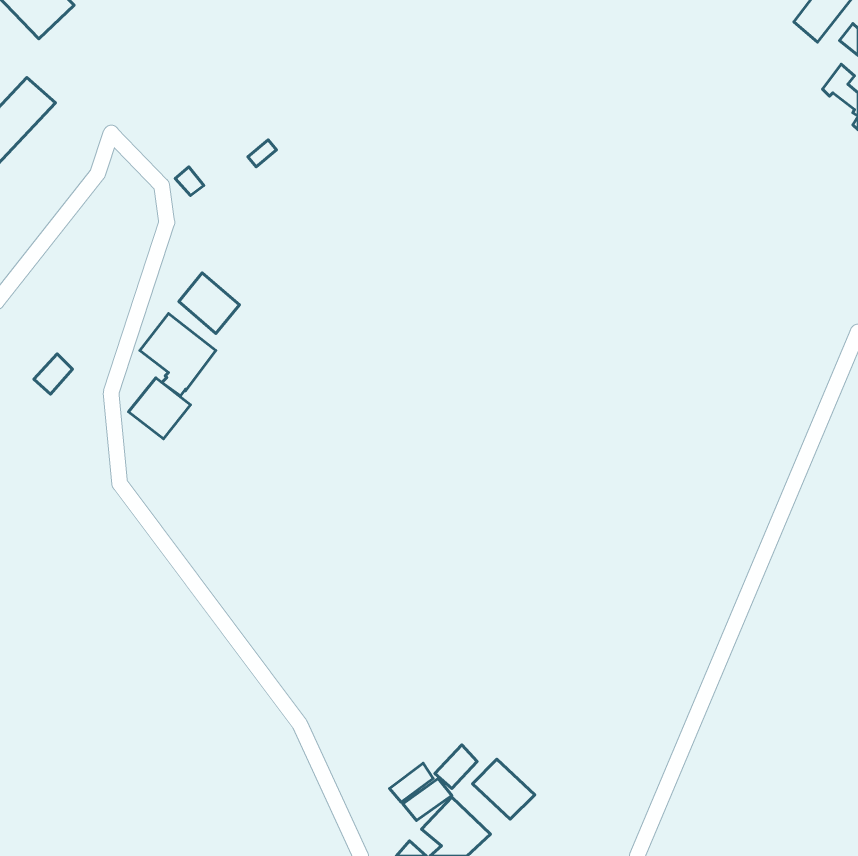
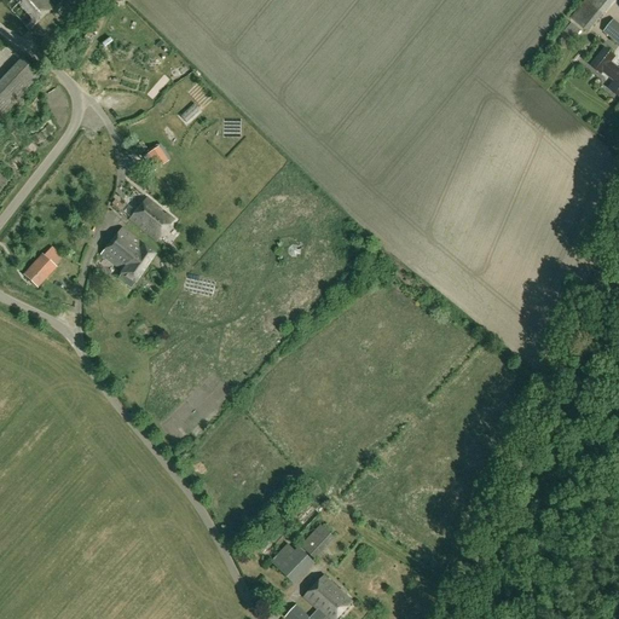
building: [129,378,191,439] -> none
building: [473,759,535,819] -> none

